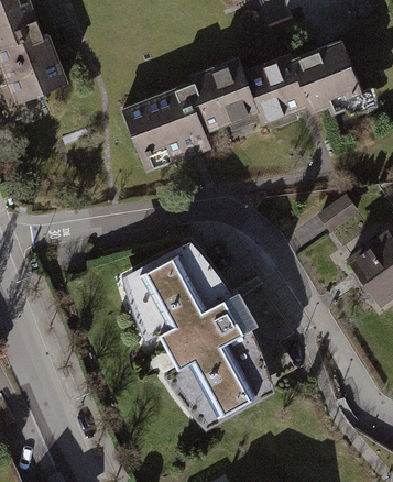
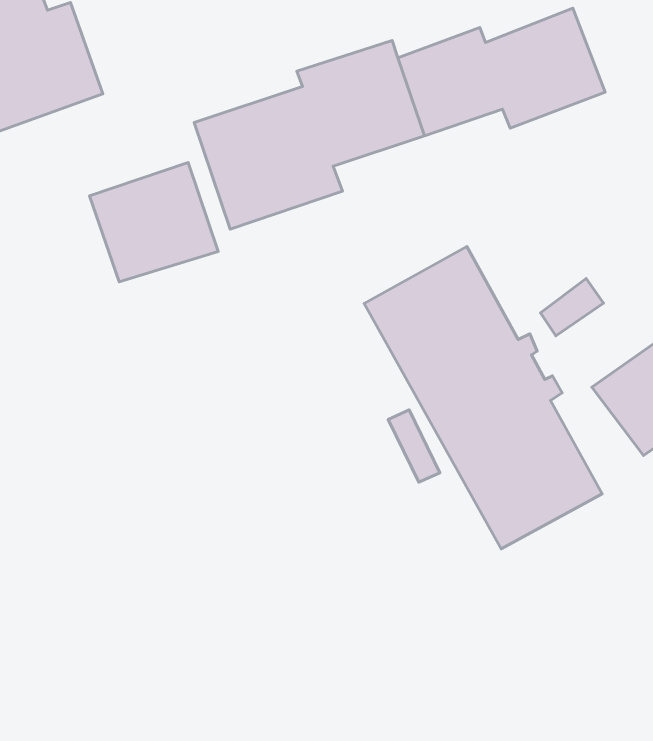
building: none -> [89,162,218,282]
building: [130,245,268,420] -> [364,246,602,549]

